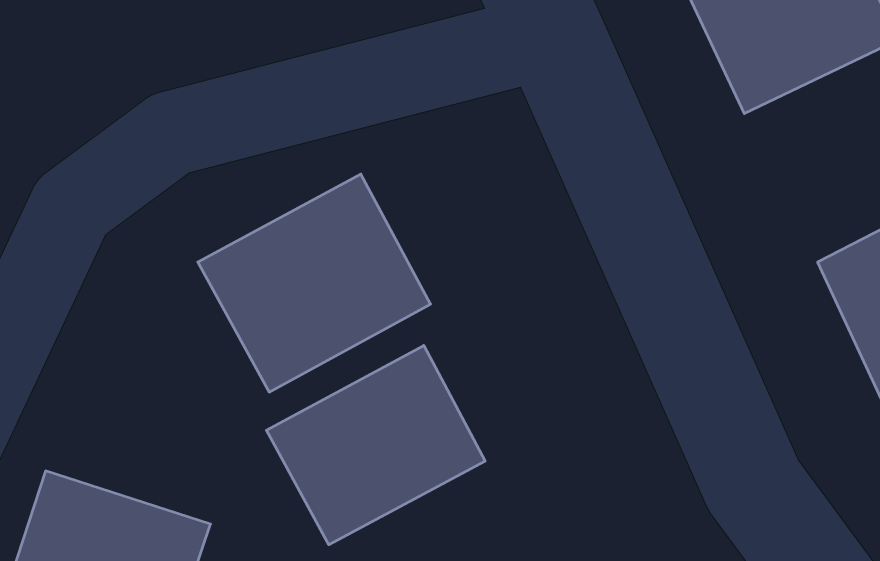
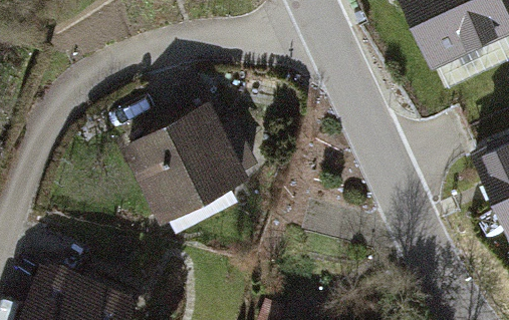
building: [266,345,485,545] -> none

